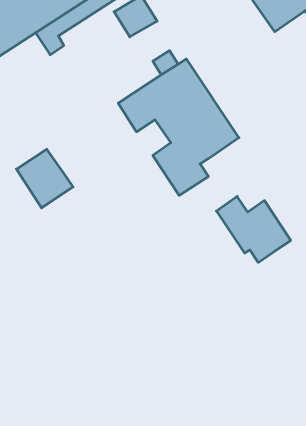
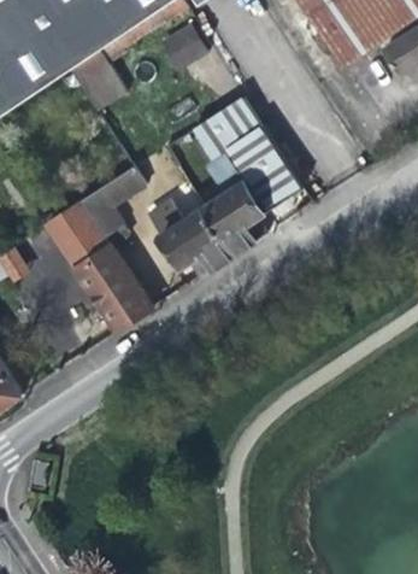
building: none -> [82,169,140,232]
building: none -> [76,242,152,328]
building: [216,196,291,262] -> [148,201,234,277]

